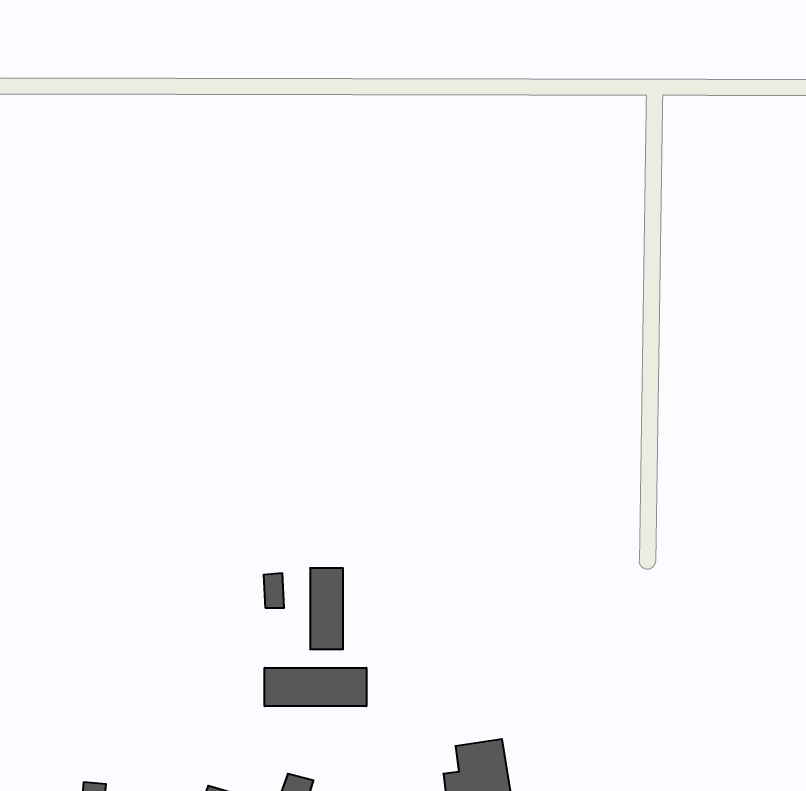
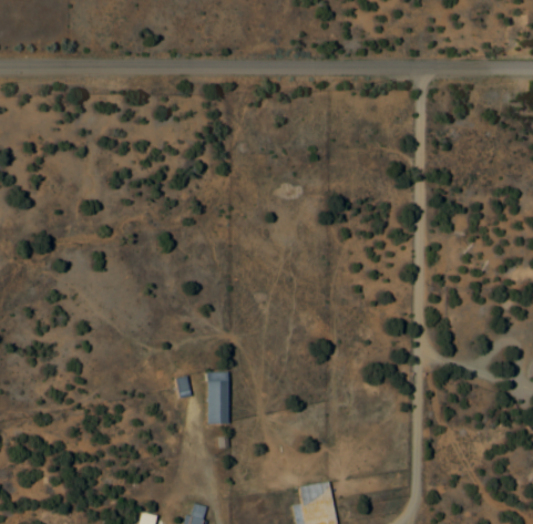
building: [265,668,366,706] -> none

